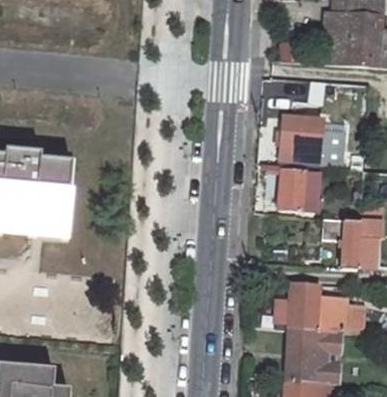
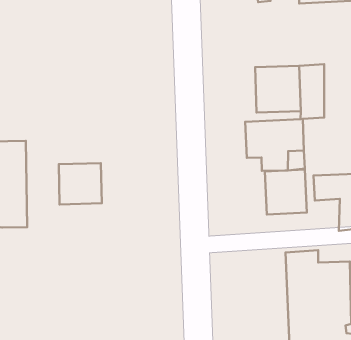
building: none -> [59,163,102,204]
building: none -> [265,170,307,214]

